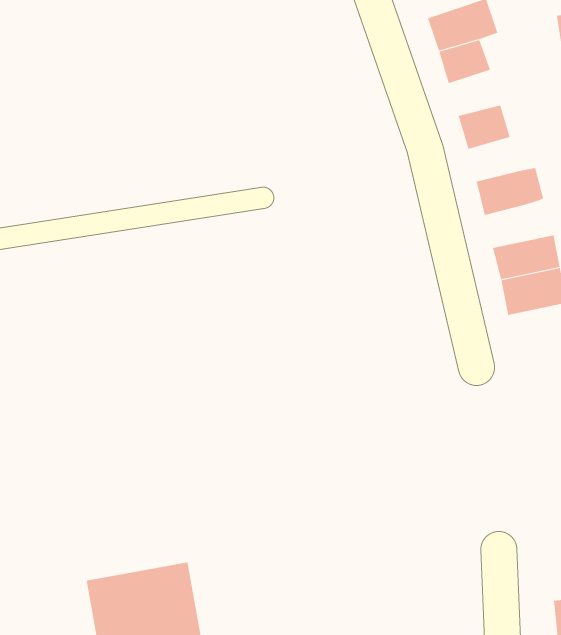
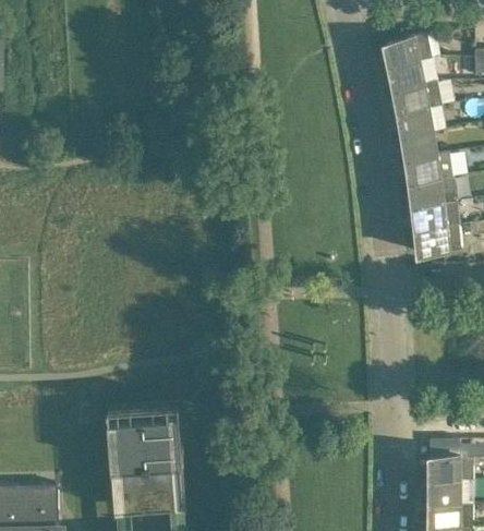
building: none -> [394,83,440,114]
building: none -> [402,133,436,161]
building: none -> [409,178,456,208]

